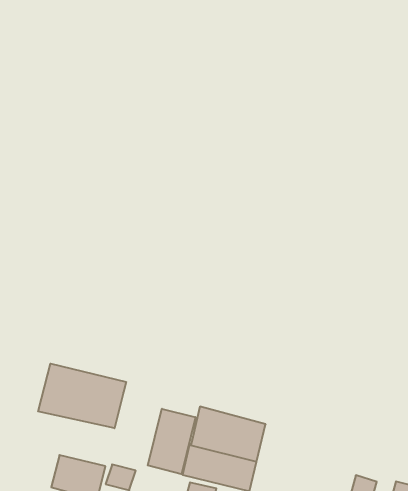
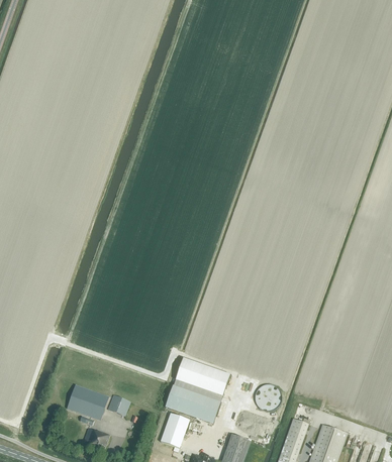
building: [38,364,126,428] -> none
building: [148,409,195,475] -> none

